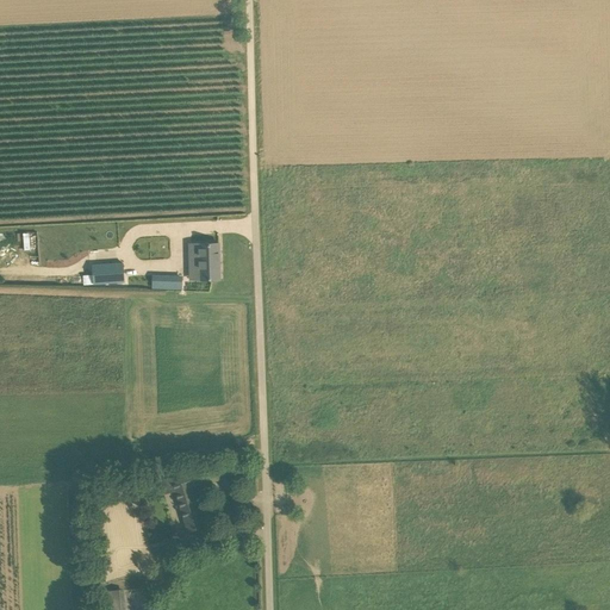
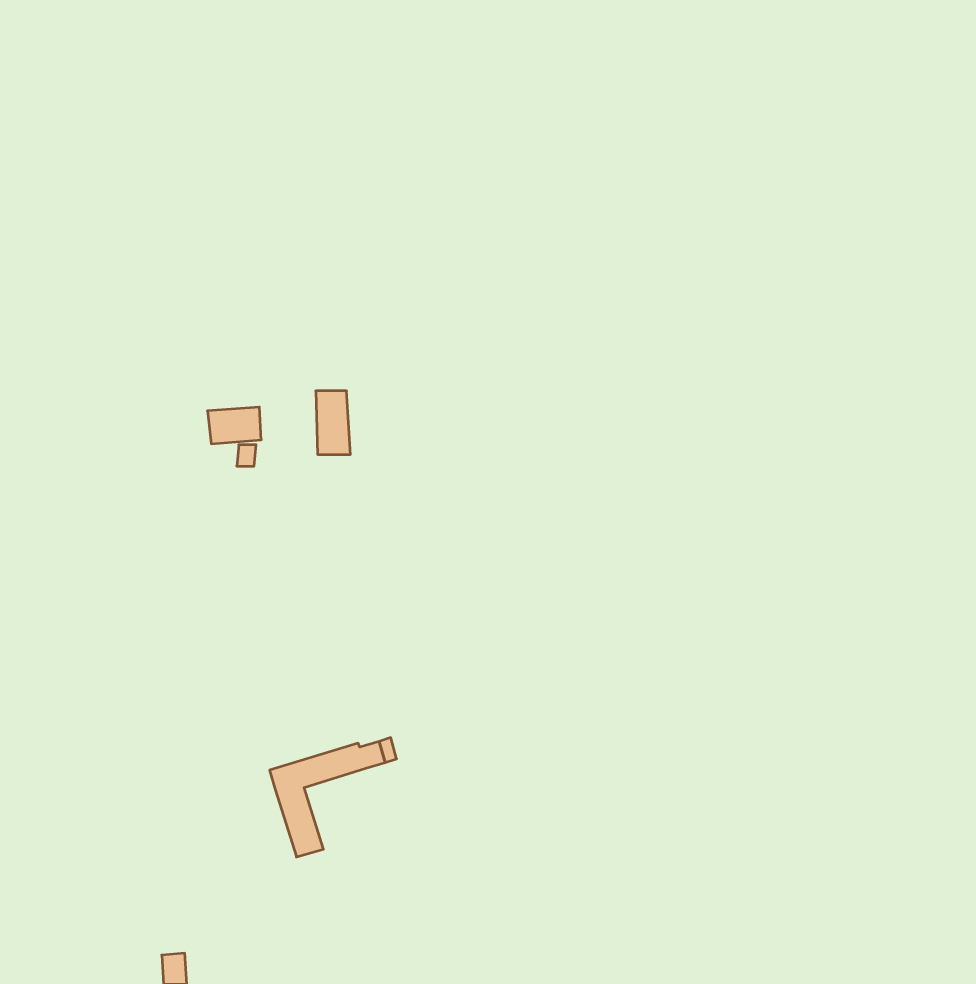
building: [87,262,120,285] -> [207,407,261,444]

